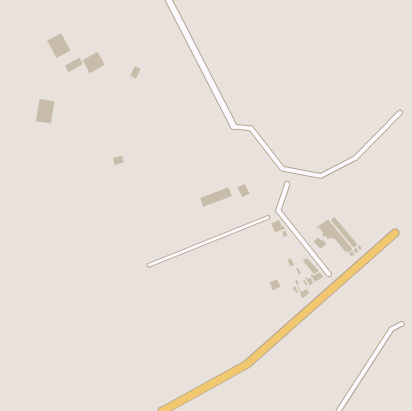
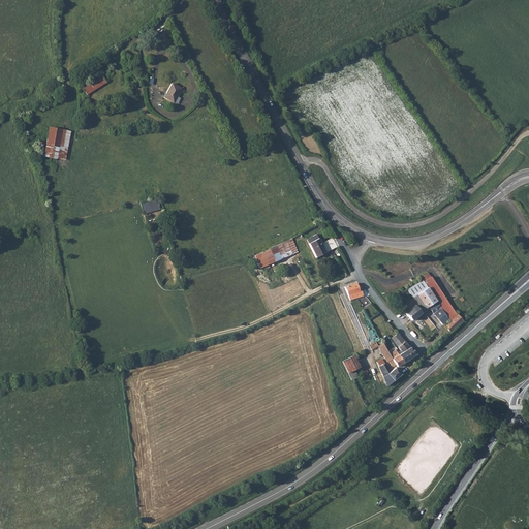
building: [46,32,72,59] -> none
building: [81,50,106,74] -> none

